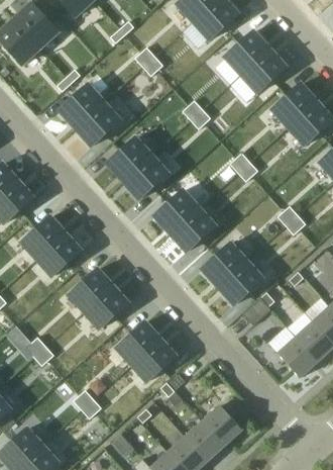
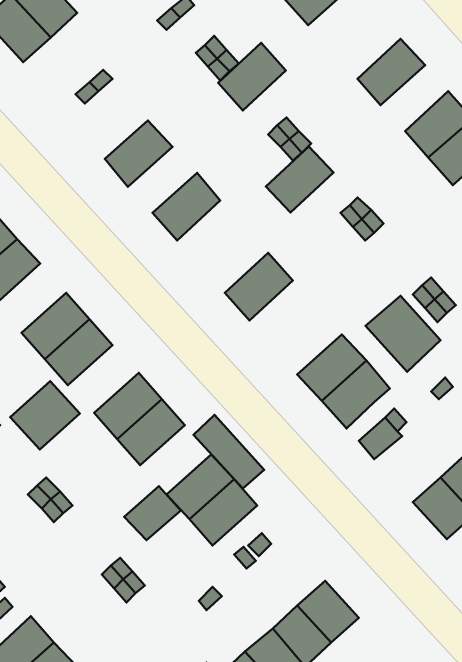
building: [225,30,269,75] -> [218,43,286,111]
building: [60,84,104,127] -> none
building: [123,155,168,198] -> [266,146,334,213]
building: [171,207,215,251] -> none
building: none -> [366,296,440,372]
building: none -> [10,381,80,449]
building: none -> [193,415,264,489]
building: none -> [124,486,181,540]

